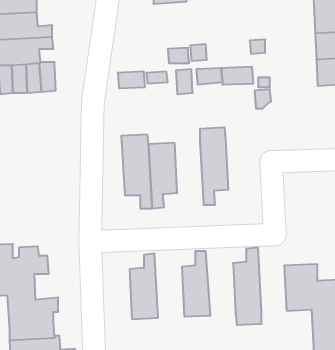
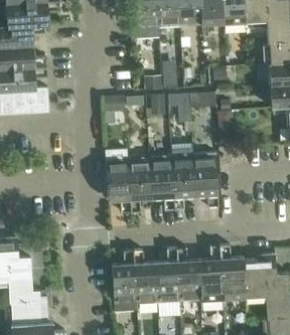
building: none -> [192,153,218,207]
building: none -> [149,155,173,210]
building: none -> [220,244,244,300]
building: none -> [175,247,200,303]
building: none -> [132,250,157,305]

